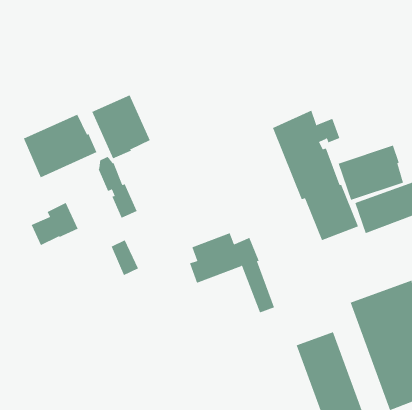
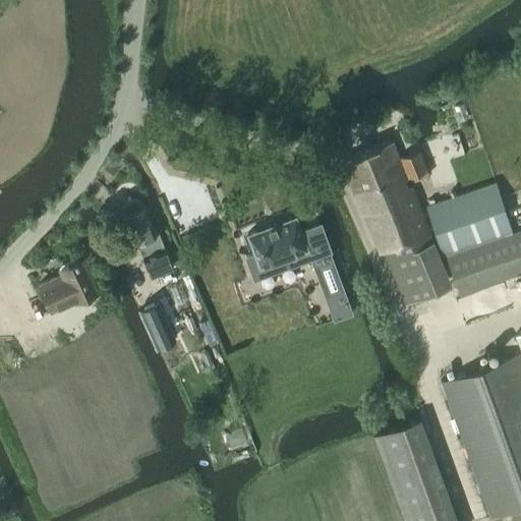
building: [91,95,150,159] -> none
building: [23,114,97,178] -> none
building: [189,232,275,313] -> [244,220,352,322]

